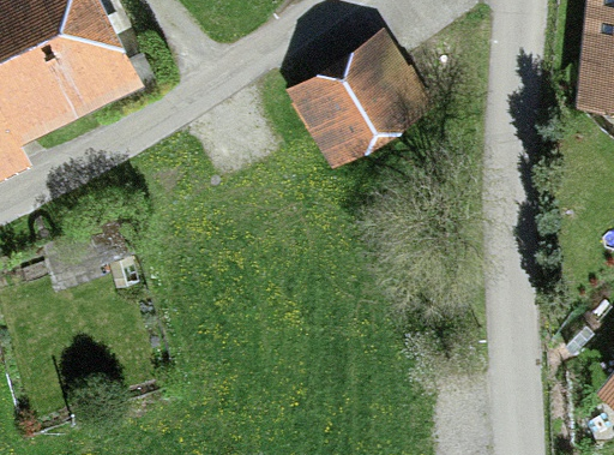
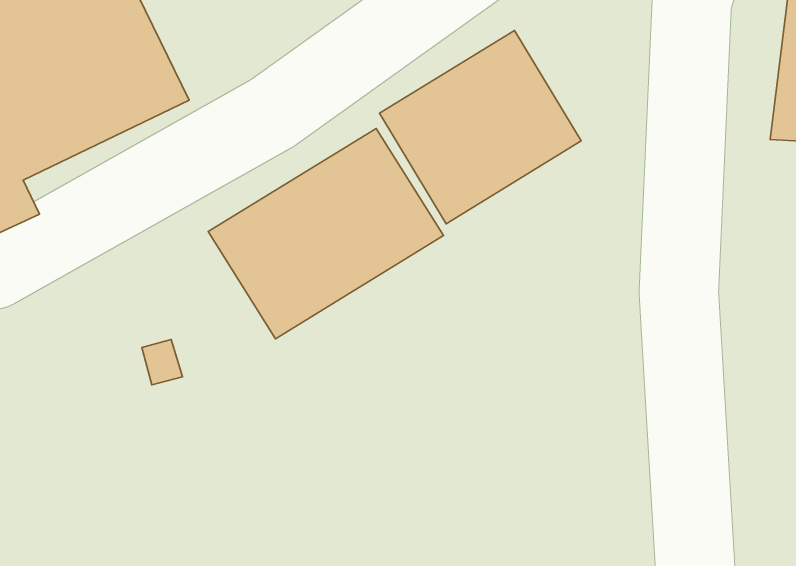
building: none -> [208,128,444,339]

